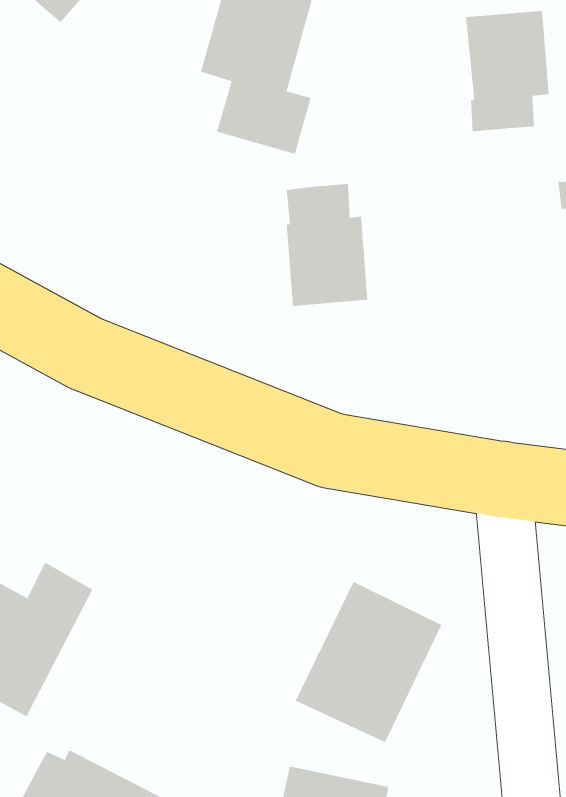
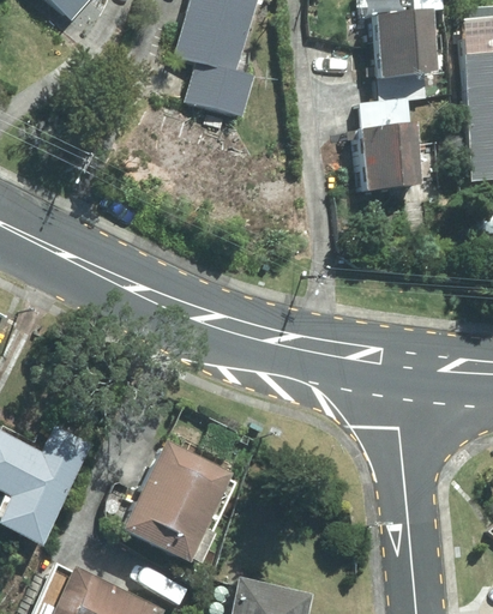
building: [286,183,368,306] -> [356,102,417,193]
building: [295,581,442,743] -> [125,438,234,558]

